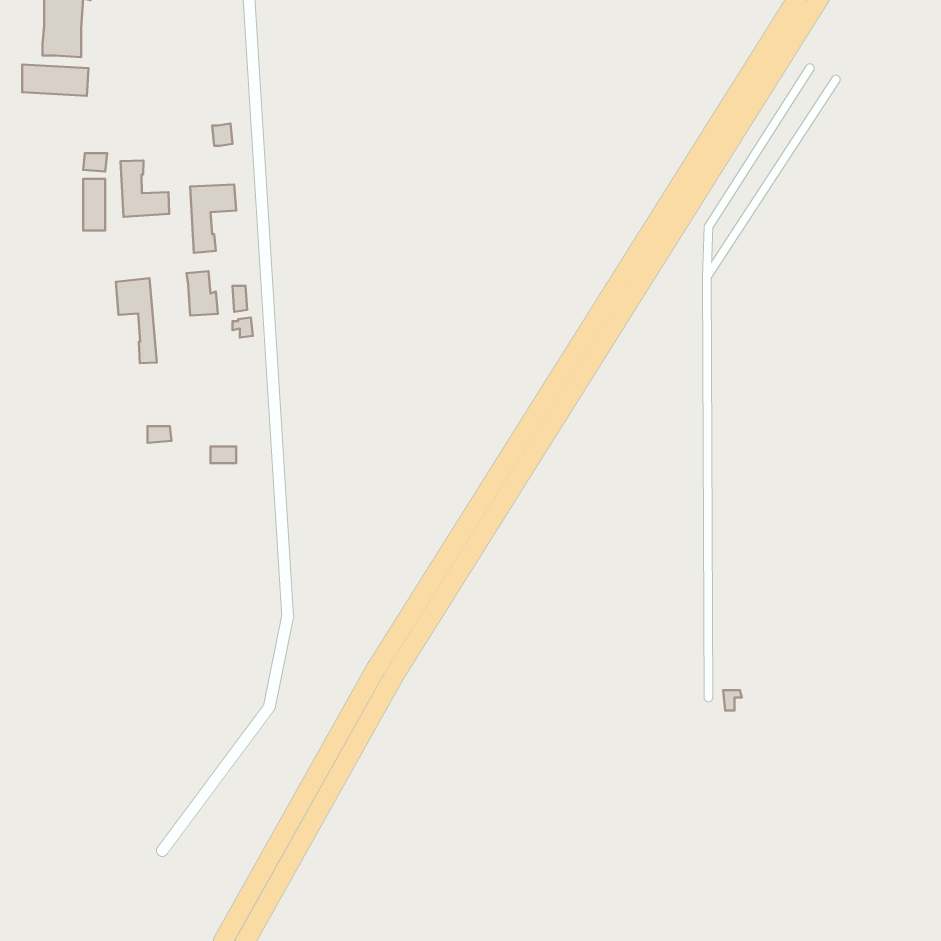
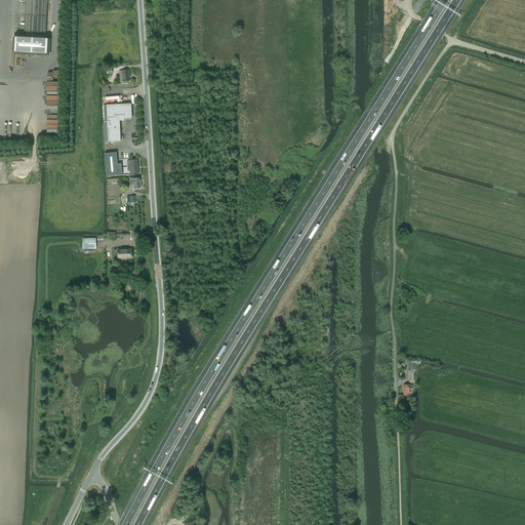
building: [121,160,169,217] -> none
building: [116,278,157,363] -> none

